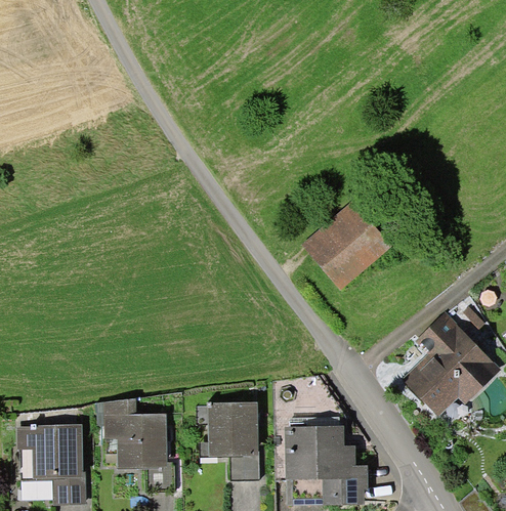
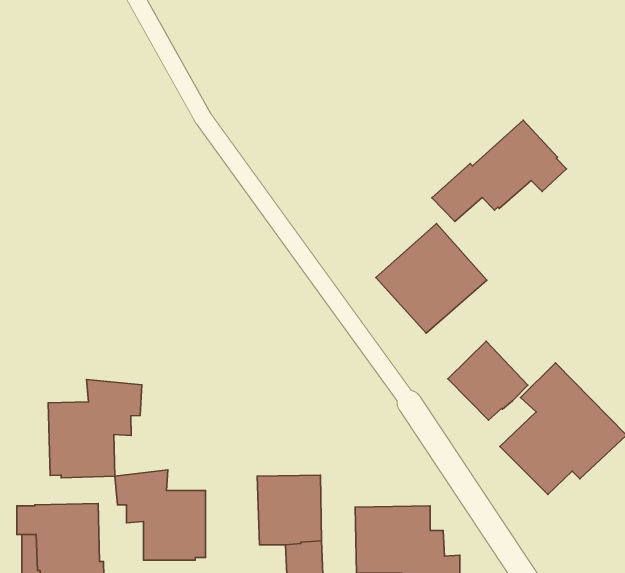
building: none -> [432,120,566,222]
building: none -> [448,341,528,420]
building: none -> [48,379,142,478]

